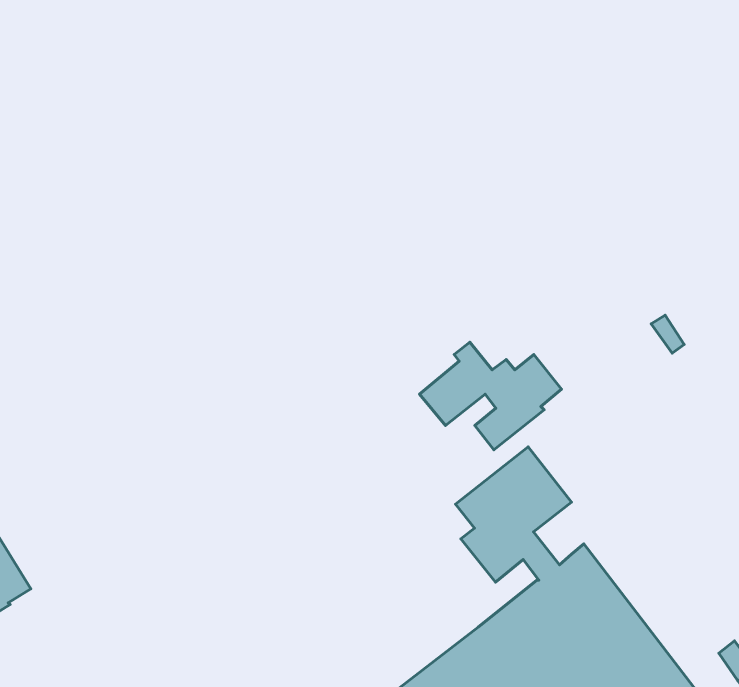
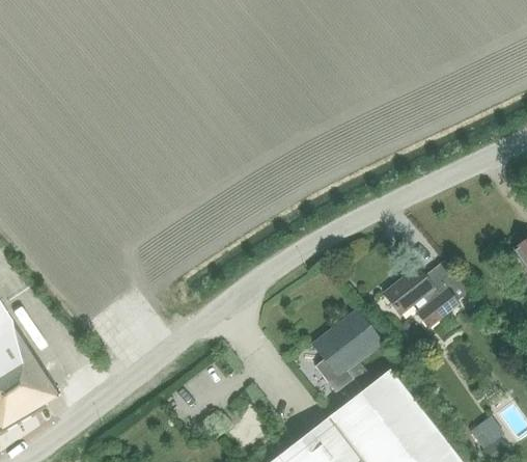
building: [419,342,562,450] -> [382,266,467,330]

